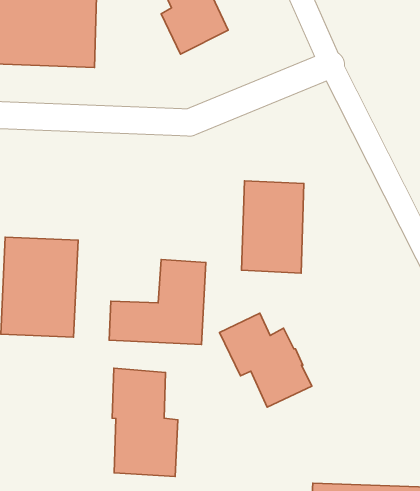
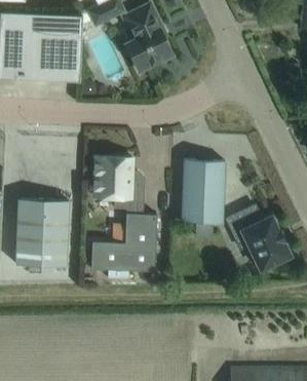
building: none -> [93,154,145,208]
building: [220,313,312,407] -> [227,204,291,269]
building: [112,368,178,477] -> none

